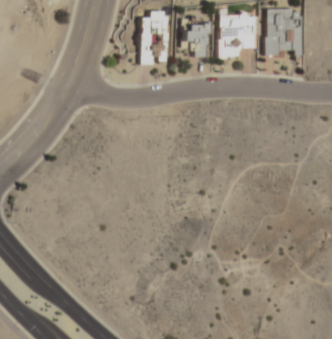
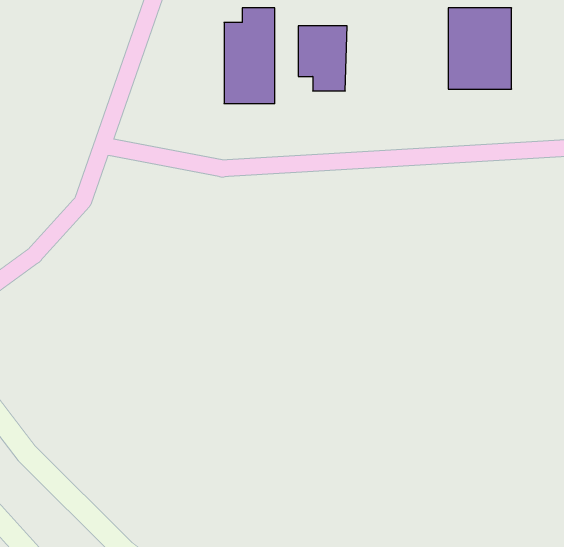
building: [218,12,257,58] -> none

